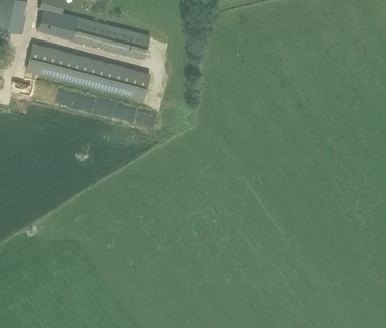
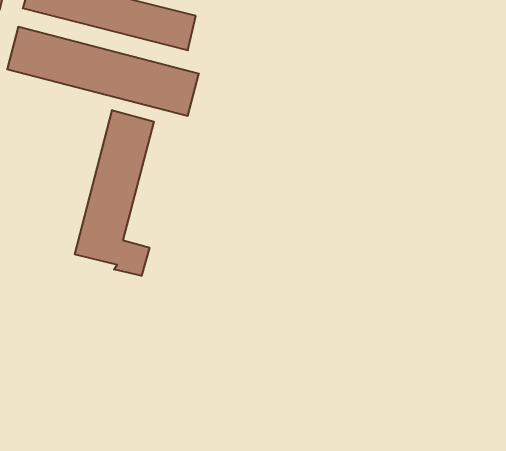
building: none -> [75,110,154,276]

